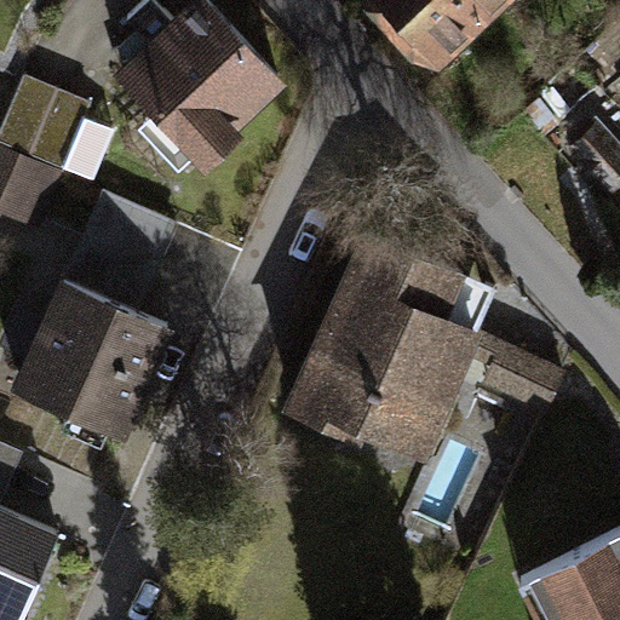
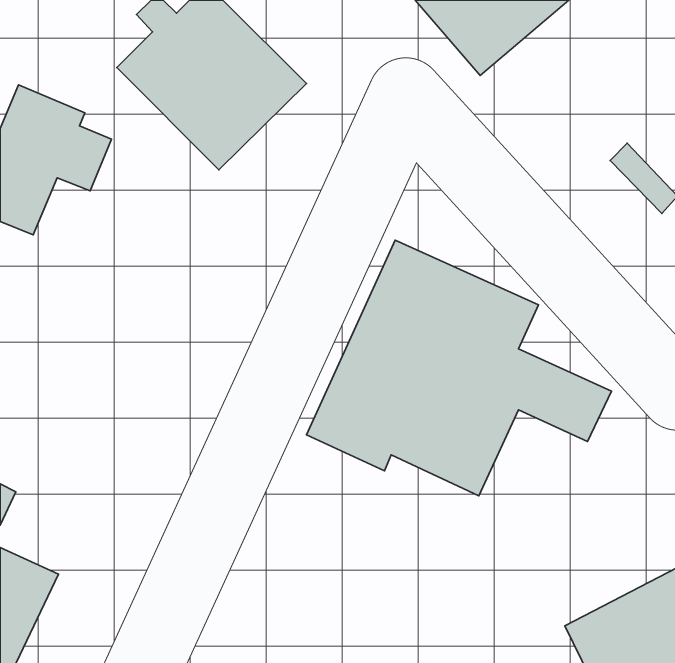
building: [7,199,171,440] -> none

